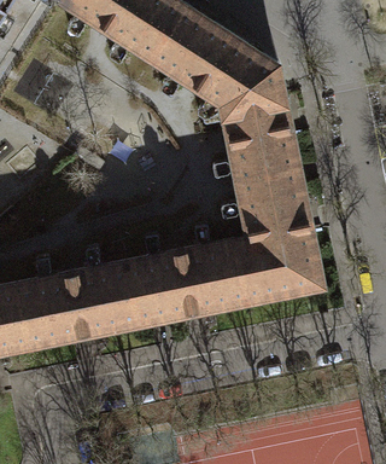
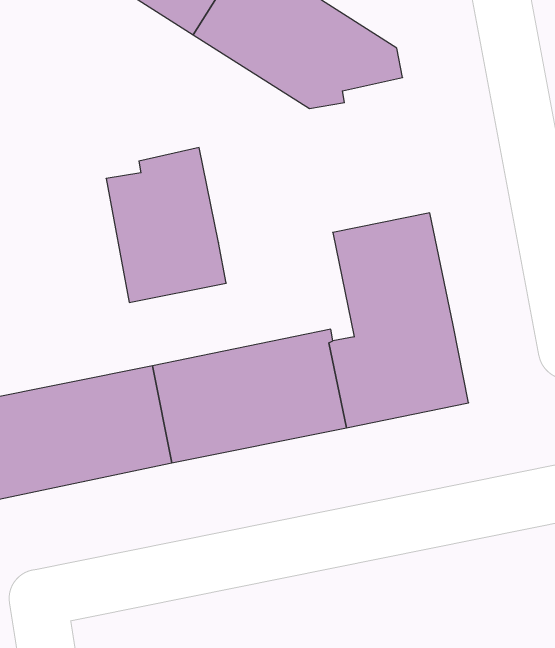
building: [223,85,298,181] -> [106,148,226,302]

